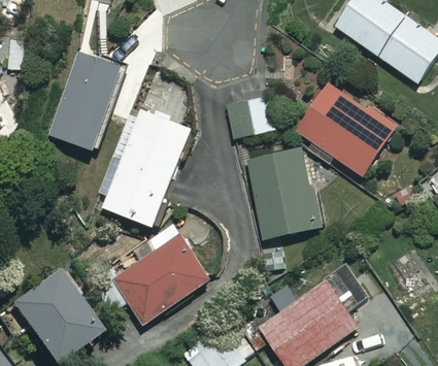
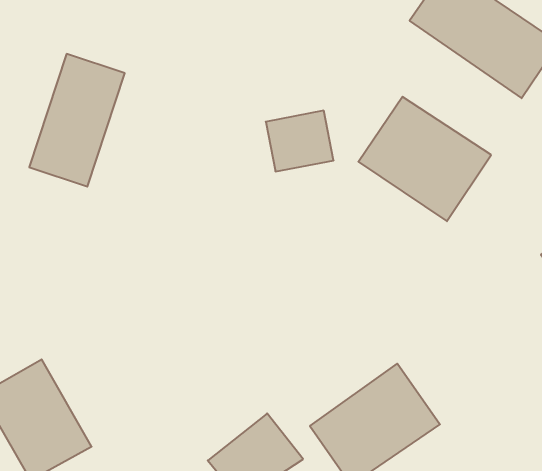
building: [103,108,193,227] -> none
building: [247,147,319,238] -> none
building: [99,234,211,324] -> none

